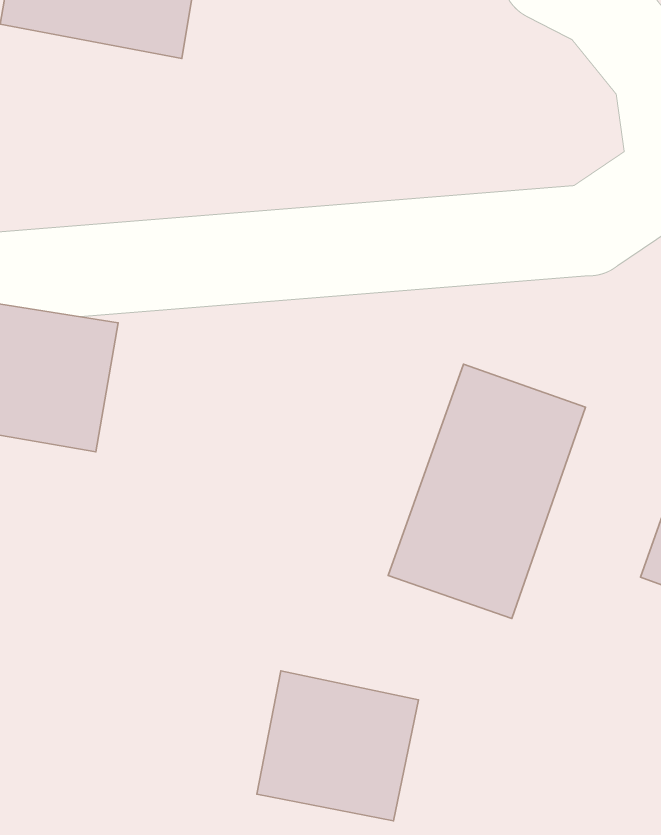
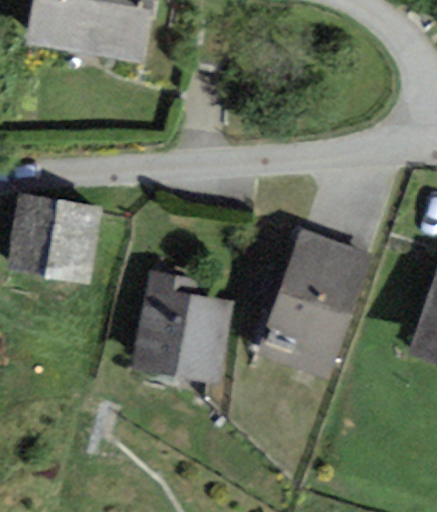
building: none -> [129,271,232,384]
building: [257,671,419,821] -> none

